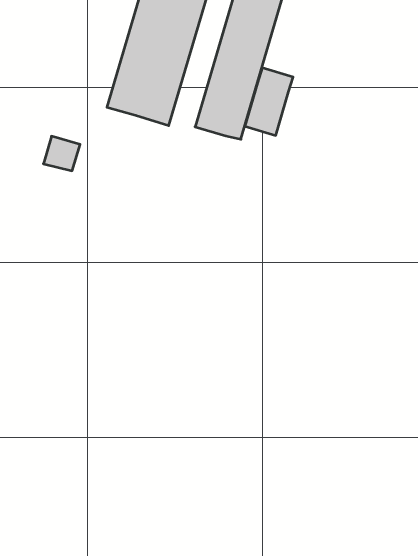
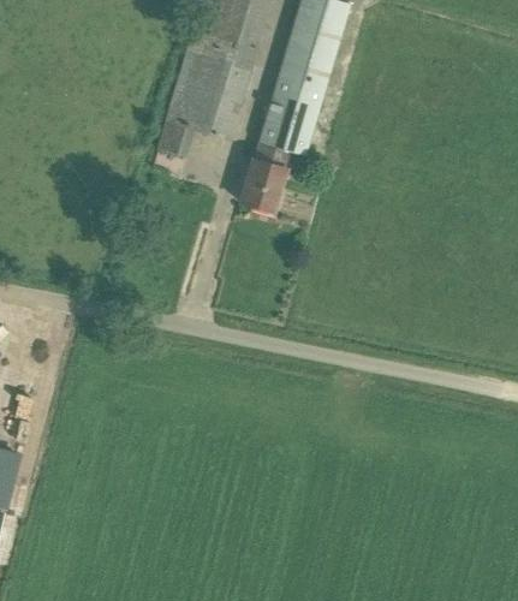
building: [245,68,293,135] -> [239,142,290,213]
building: [43,136,80,171] -> [156,121,195,157]

